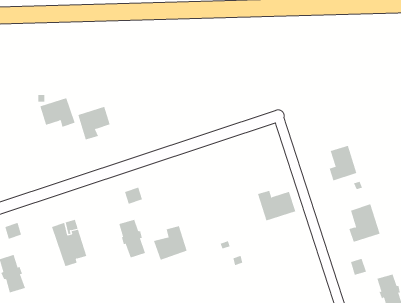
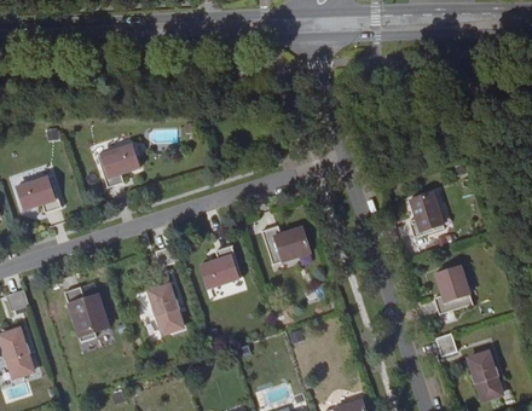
building: [40,97,76,128] -> [16,174,60,212]
building: [257,190,296,221] -> [261,225,310,264]
building: [153,225,187,260] -> [198,244,241,288]

